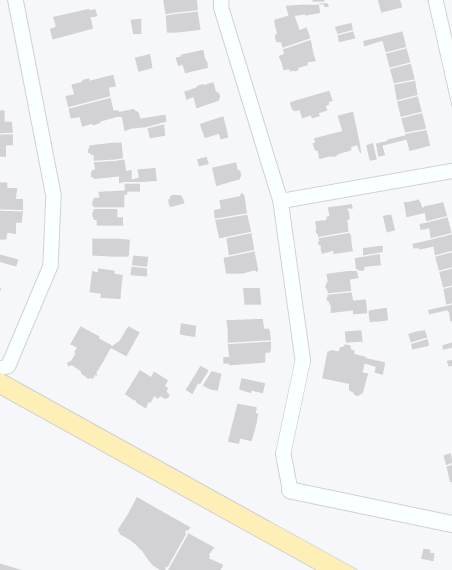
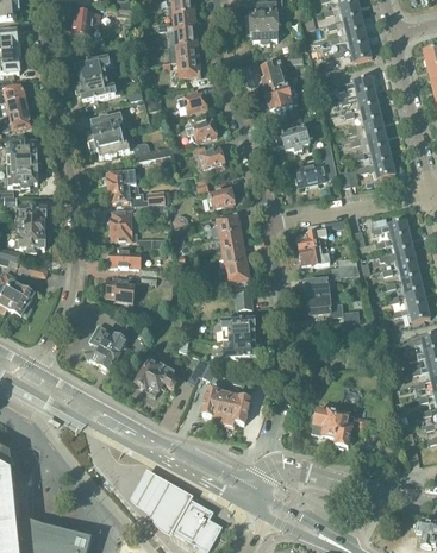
building: none -> [75,75,120,101]
building: [321,343,386,397] -> [312,403,367,448]
building: none -> [202,384,231,423]

